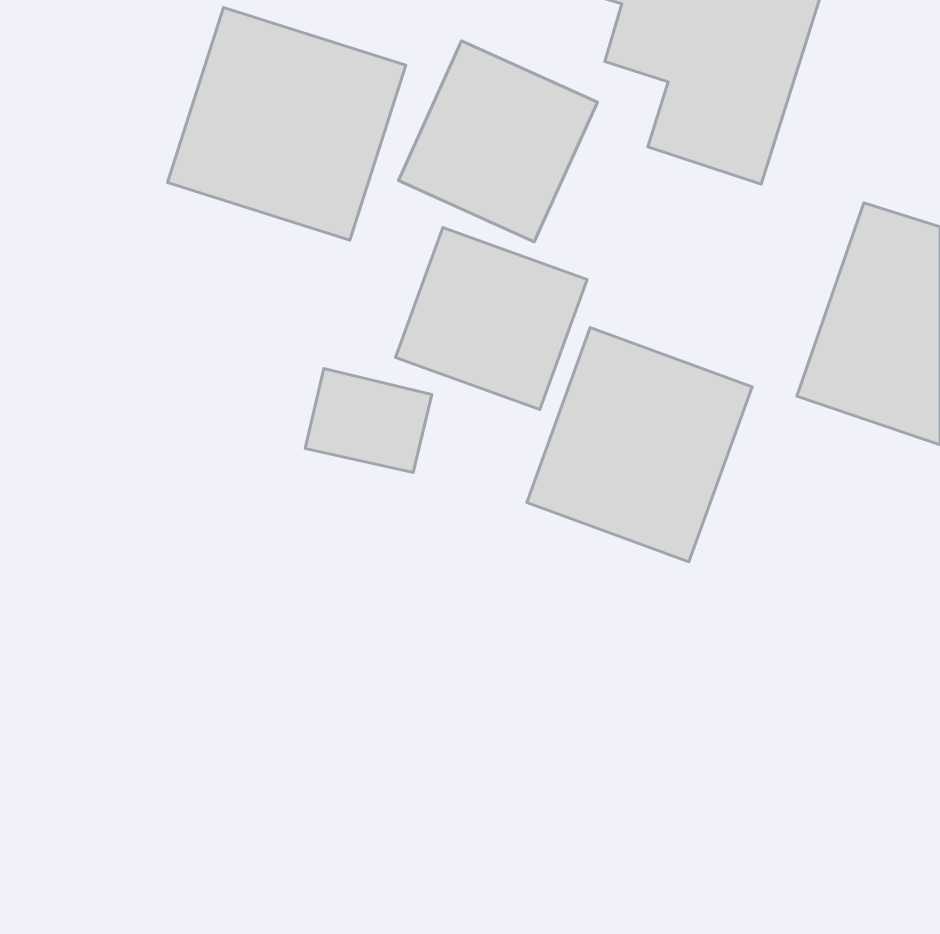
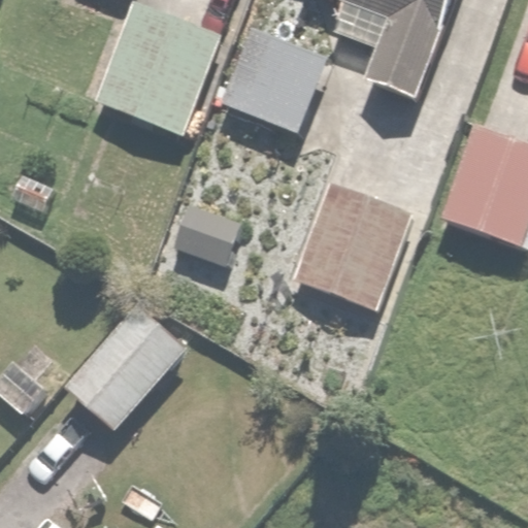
building: [396,227,587,410] -> none
building: none -> [61,301,189,433]

